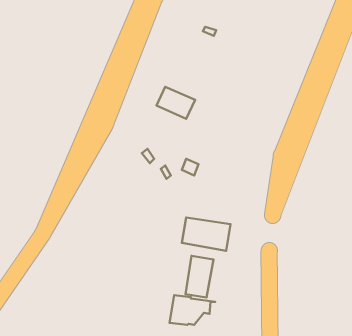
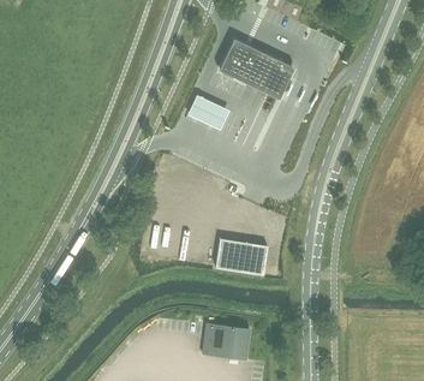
building: none -> [220,41,292,99]
building: [185,256,213,297] -> none

